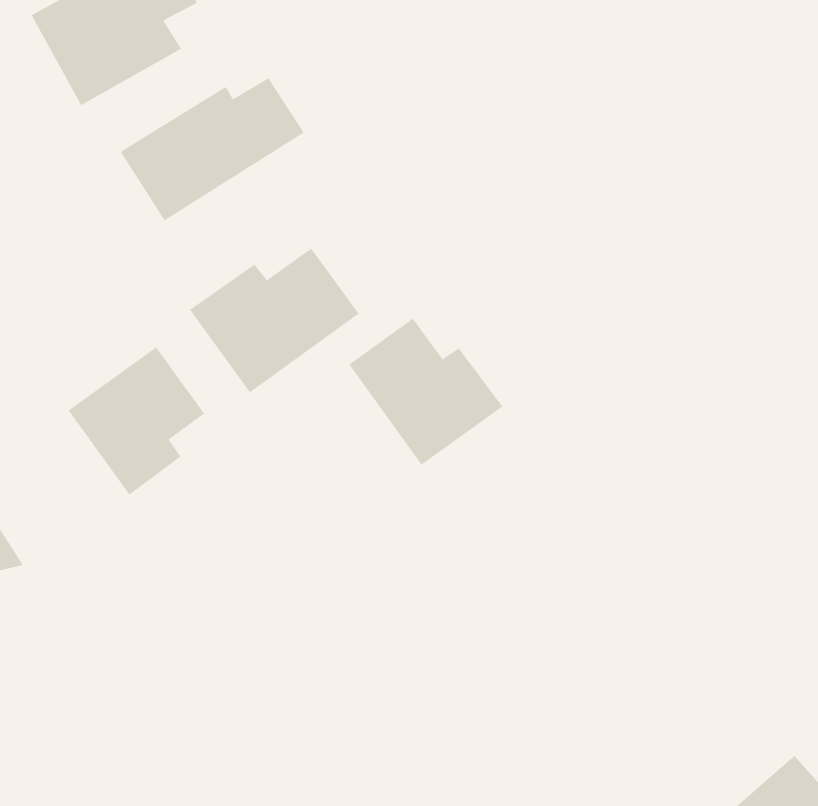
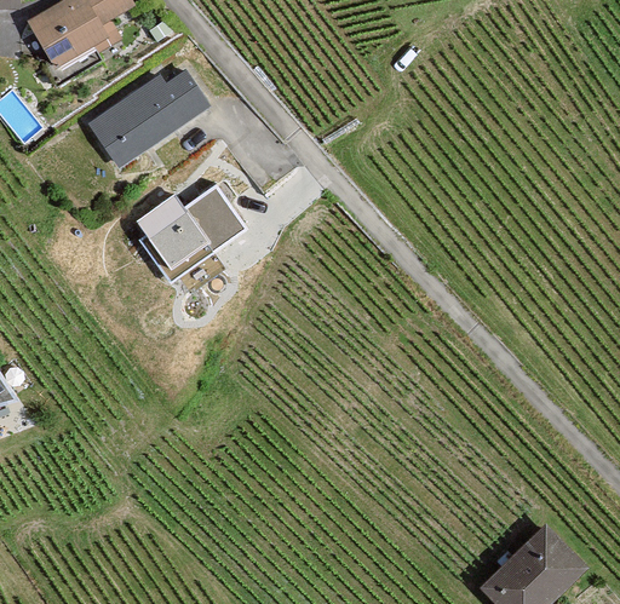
building: [348,318,503,466] -> none
building: [68,346,205,495] -> none

